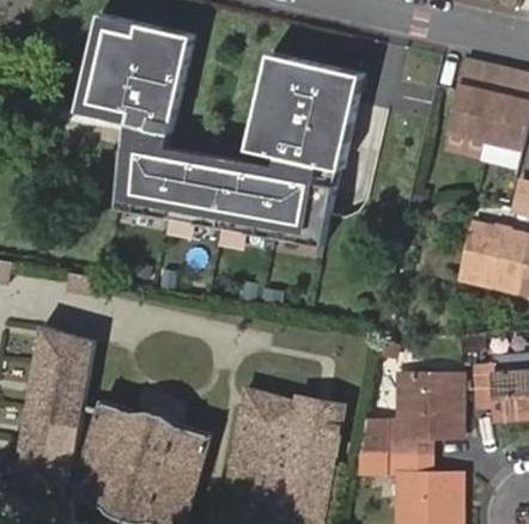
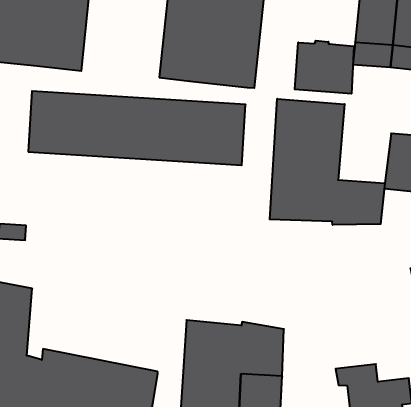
building: [120,117,334,181] -> none
building: none -> [295,41,354,94]
building: none -> [270,99,385,225]
building: [363,373,462,453] -> none

